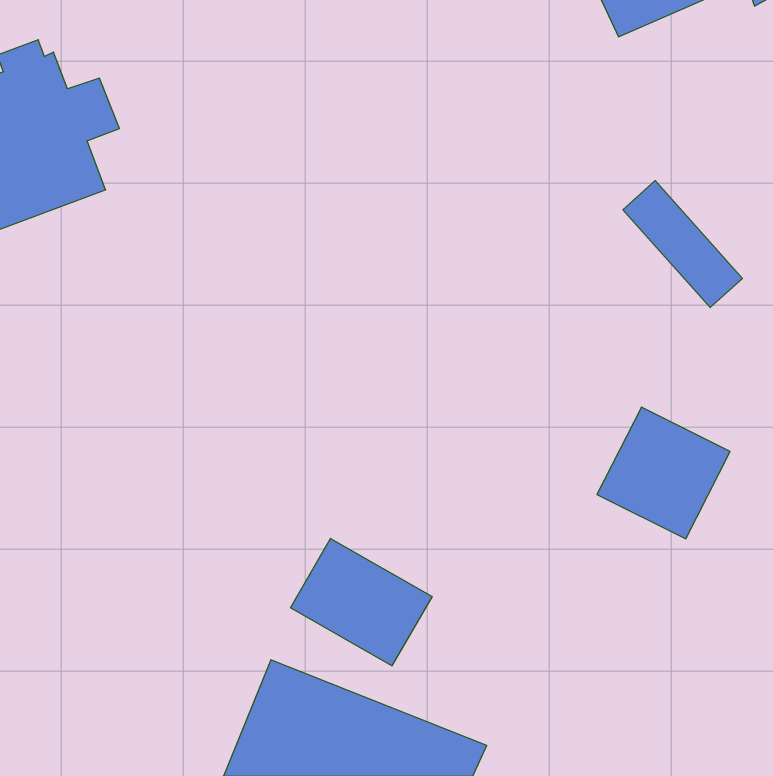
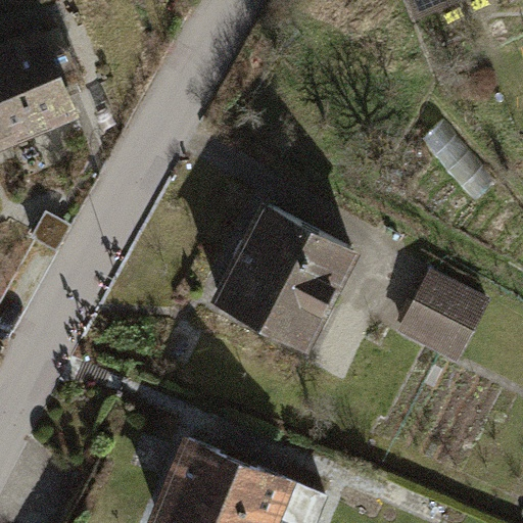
building: none -> [215,207,350,346]
building: [290,538,432,666] -> none

